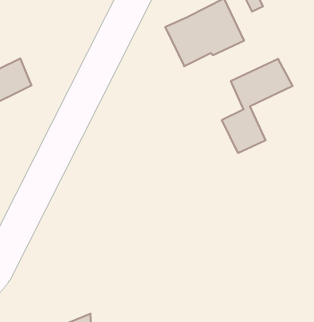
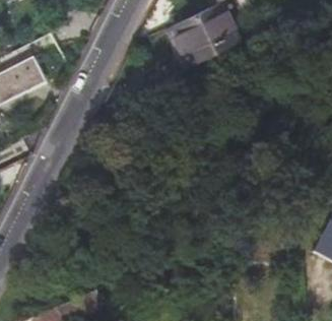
building: [222,59,293,153] -> none

